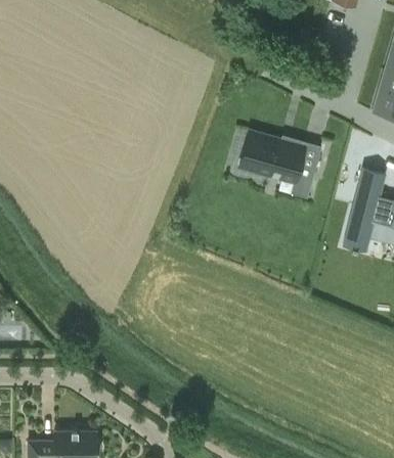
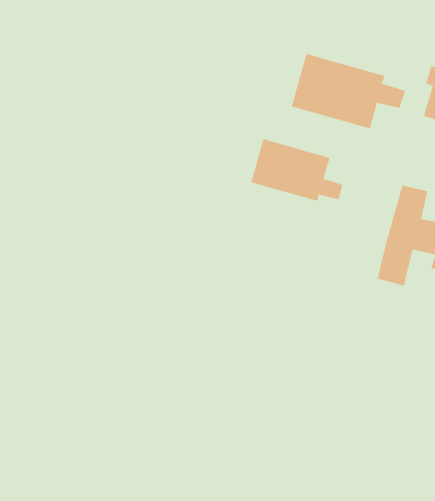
building: none -> [291,53,406,130]

